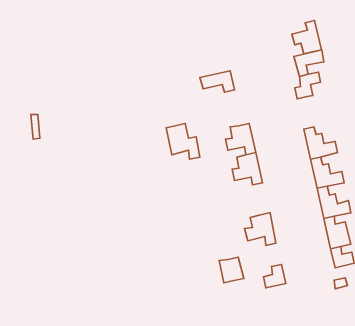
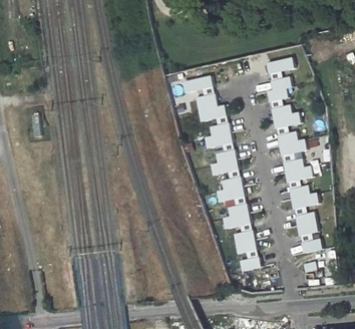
building: [292,21,322,54] -> none
building: none -> [270,98,300,127]
building: [166,123,200,159] -> [197,92,227,124]
building: none -> [217,176,245,205]
building: [219,257,244,283] -> [234,230,256,253]

